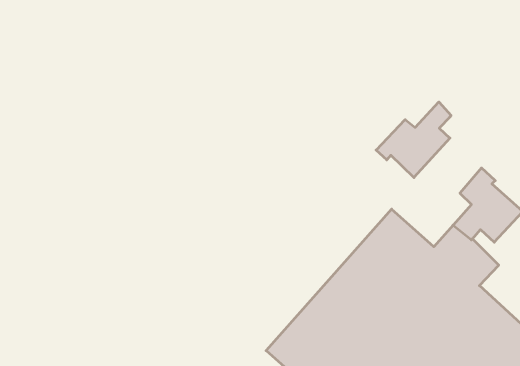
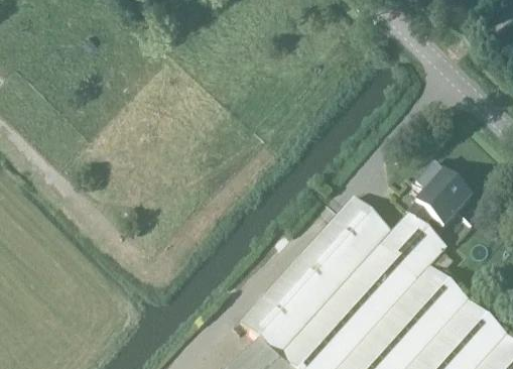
building: [376,102,451,178] -> none

